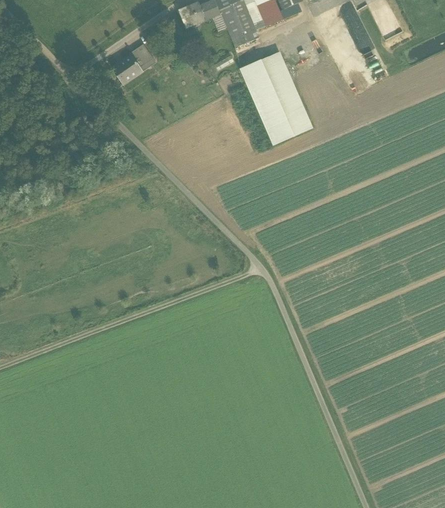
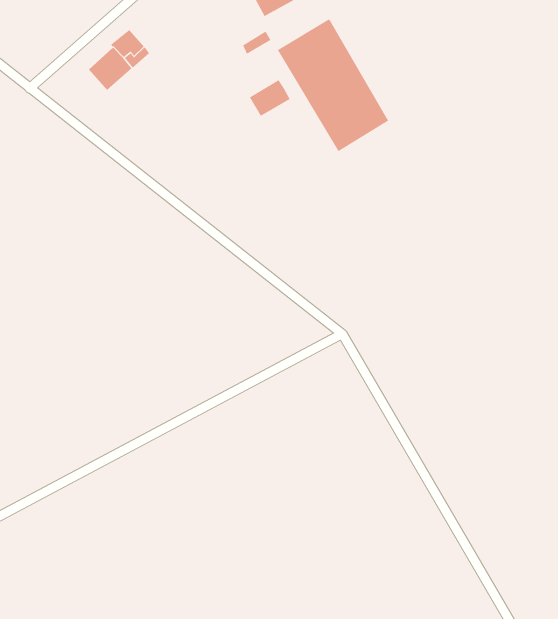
building: none -> [249,79,290,117]

